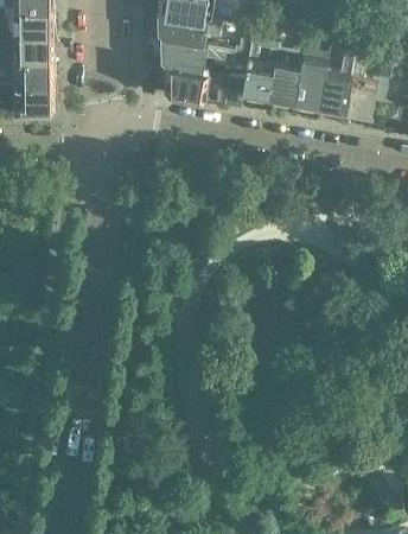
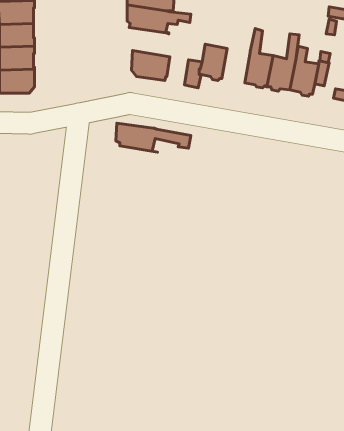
building: [161,39,247,72] -> [116,123,191,152]
building: [268,45,304,102] -> none

